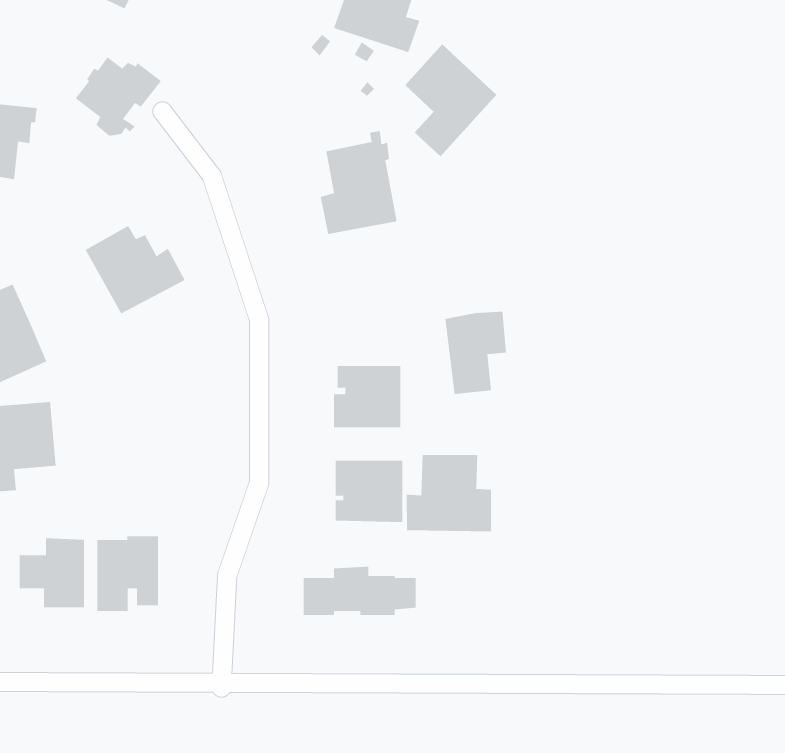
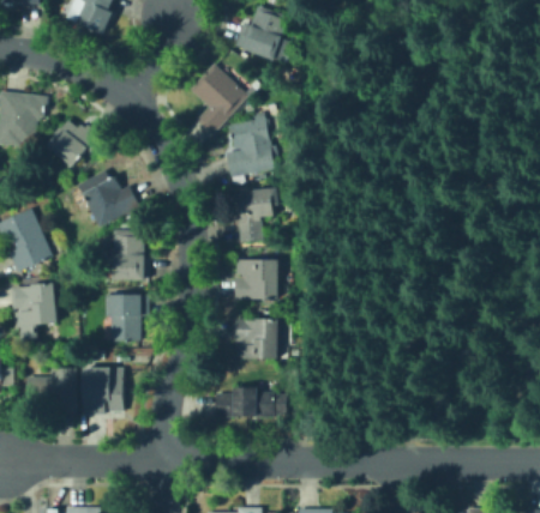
building: [404,44,497,157] -> [190,62,248,134]
building: [75,56,162,136] -> [47,120,102,170]
building: [444,311,507,394] -> [234,188,274,241]
building: none -> [104,229,150,279]
building: none -> [104,294,149,340]
building: [406,454,492,532] -> none

